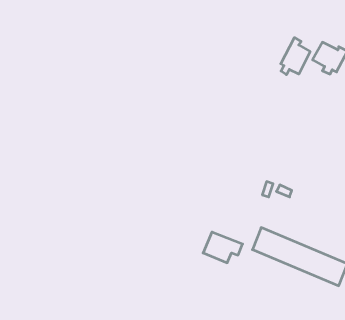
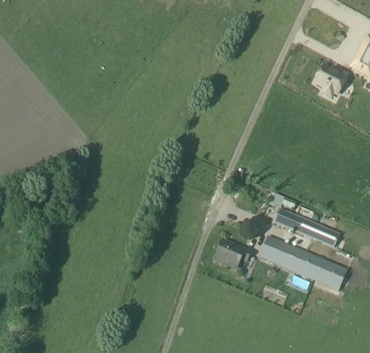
building: [281,38,310,75] -> none
building: none -> [274,207,341,246]

